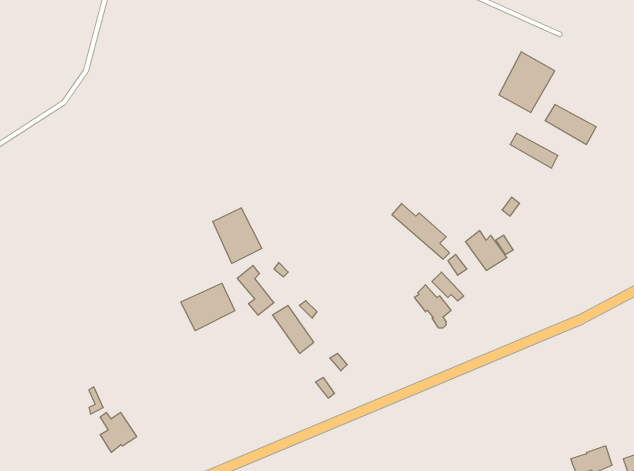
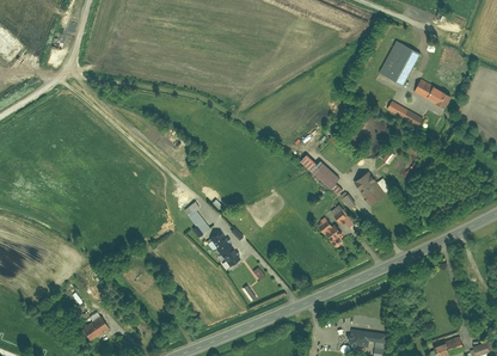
building: [213,208,262,263] -> none
building: [181,283,235,331] -> none
building: none -> [345,329,386,349]

